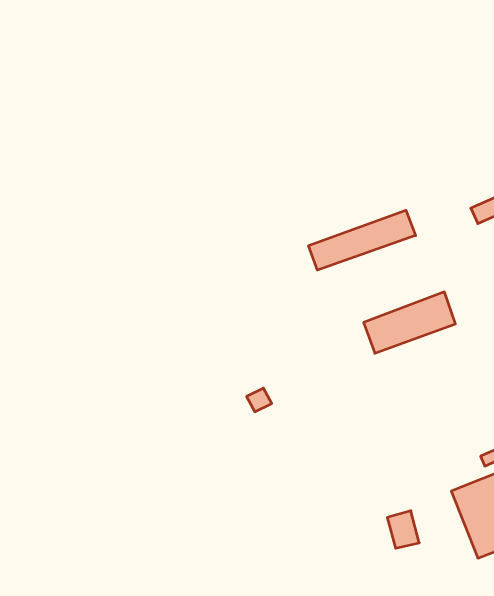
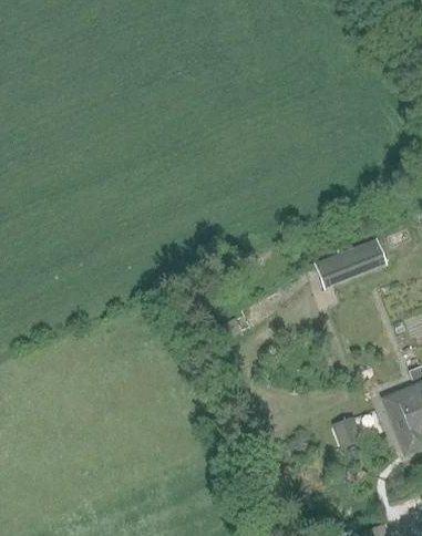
building: [309,210,416,270] -> none

